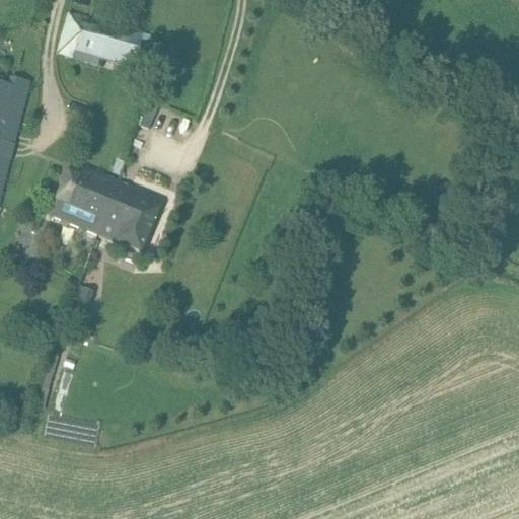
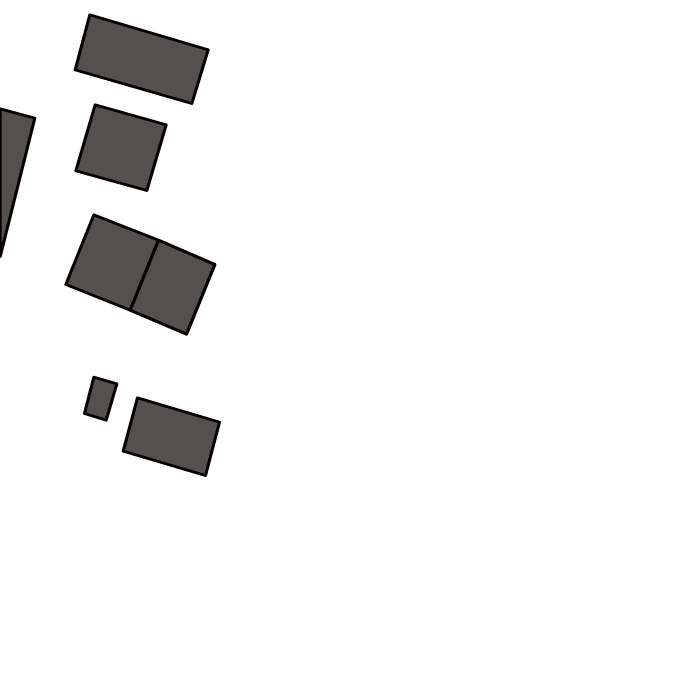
building: none -> [76,105,166,190]
building: none -> [123,398,220,475]

